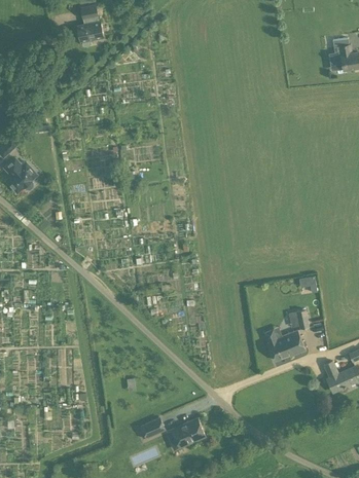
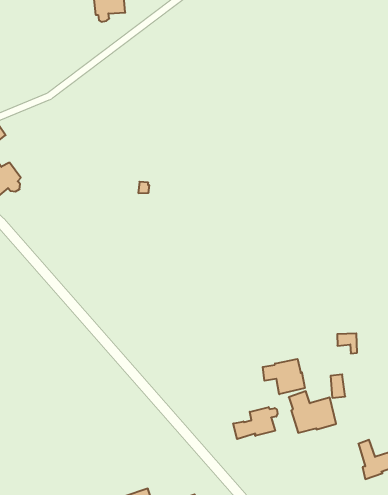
building: none -> [263,359,305,394]
building: none -> [233,407,278,439]

